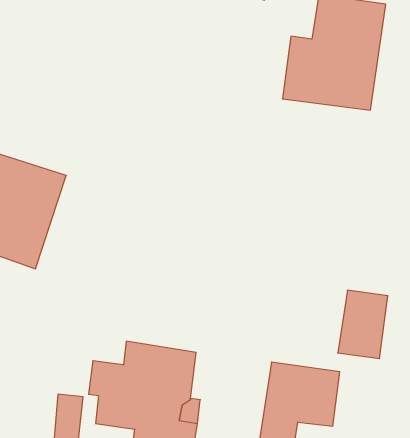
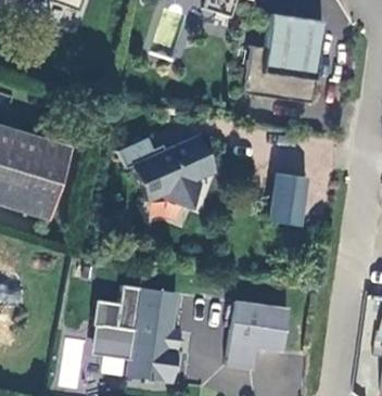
building: none -> [118,135,217,209]
building: [338,290,388,359] -> [269,173,308,226]

